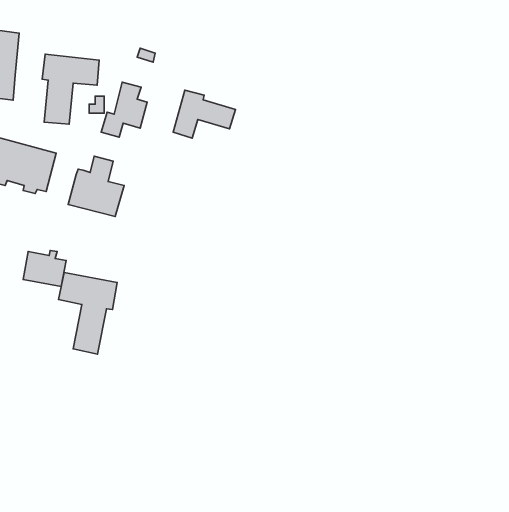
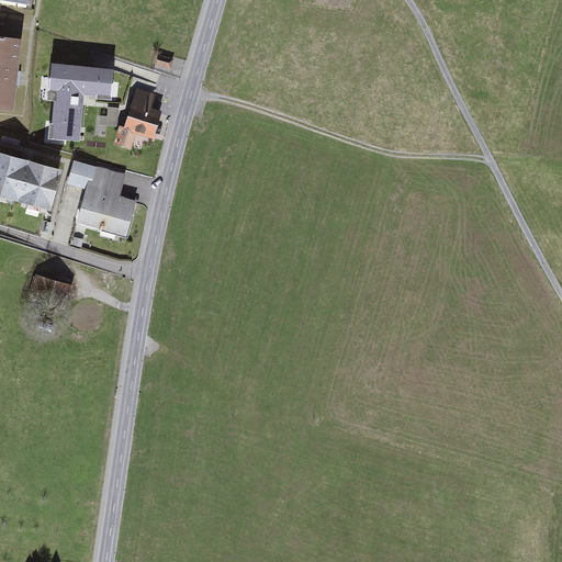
building: [173,90,235,138] -> none
building: none -> [66,164,95,191]
building: [58,273,117,354] -> none

